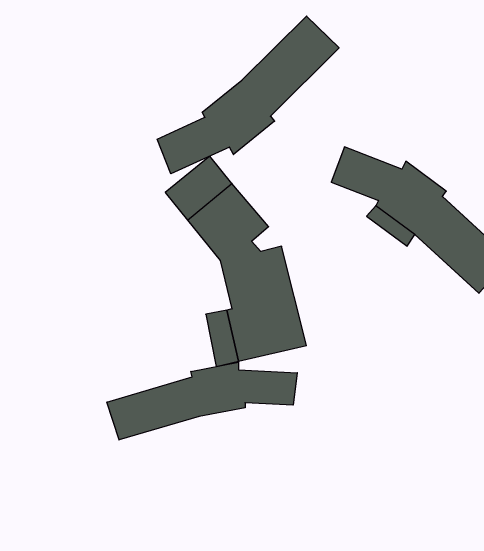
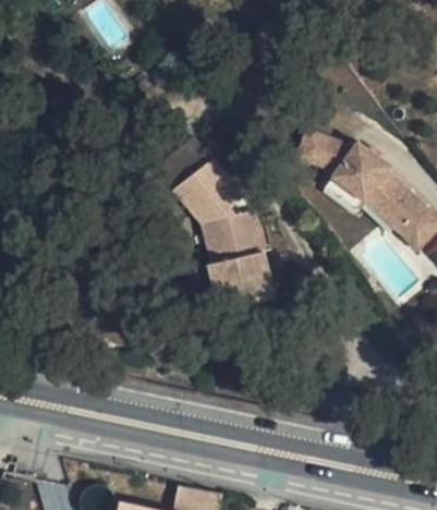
building: [157,16,339,174] -> none
building: [107,362,297,440] -> none

